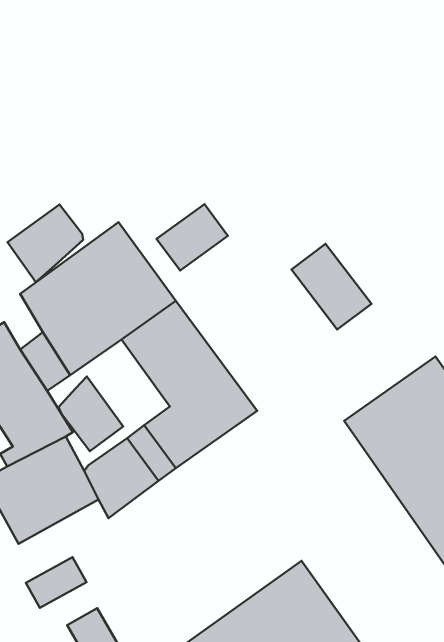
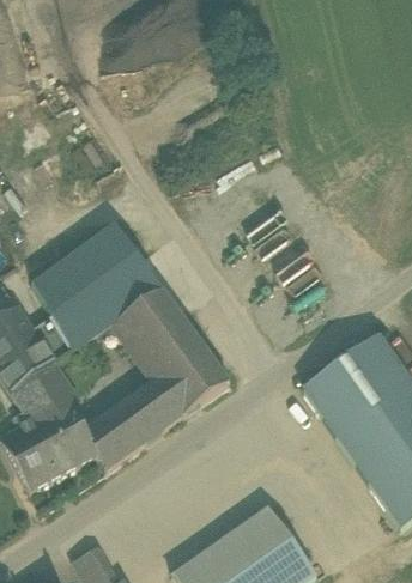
building: [157,204,228,271] -> none
building: [7,205,83,282] -> none
building: [59,376,123,451] -> none
building: [26,557,87,608] -> none

